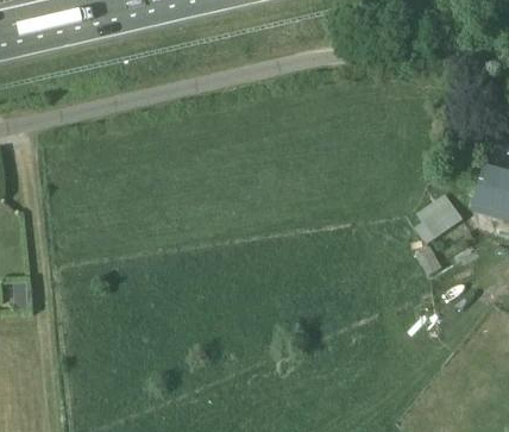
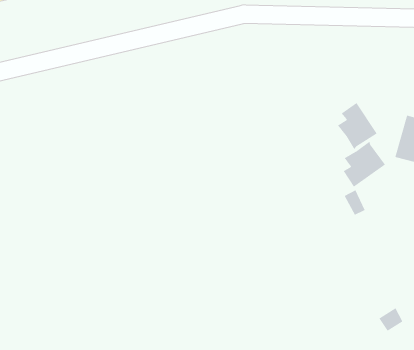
building: none -> [337,102,378,150]

